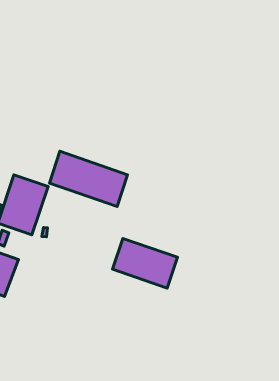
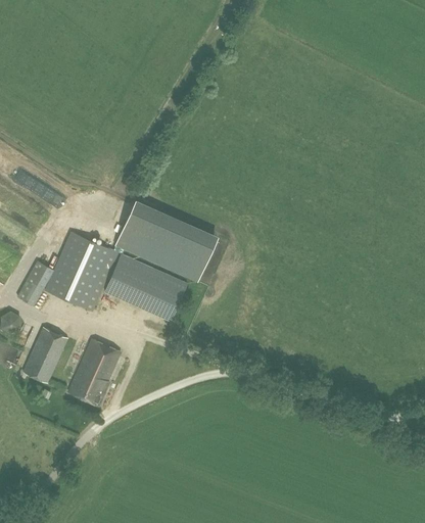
building: [113,238,177,288] -> [105,252,188,320]
building: none -> [67,339,121,406]

